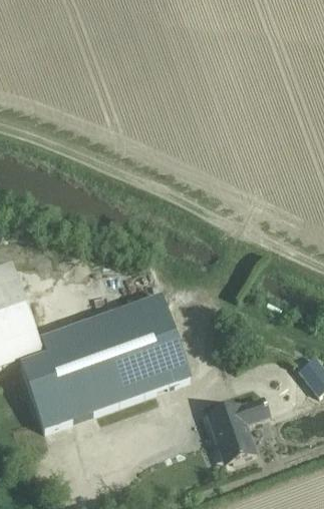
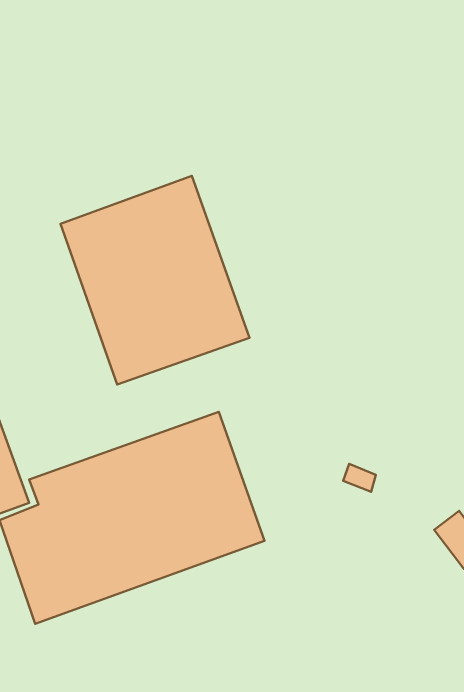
building: none -> [61,176,249,384]
building: [211,396,270,461] -> none

